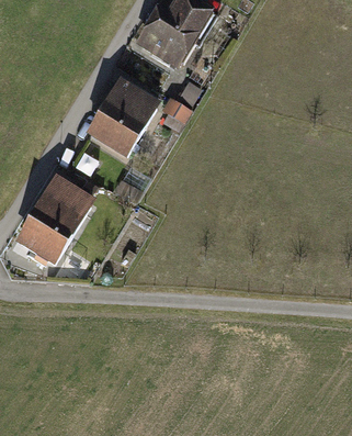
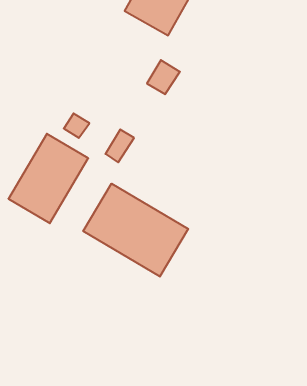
building: [86,75,162,163] -> none
building: none -> [83,184,188,277]

